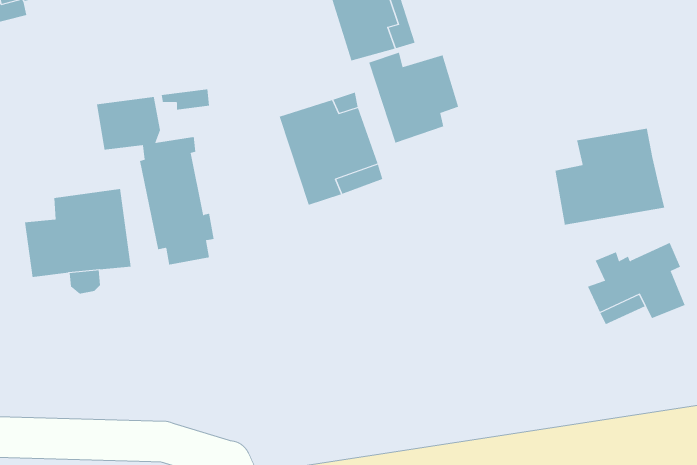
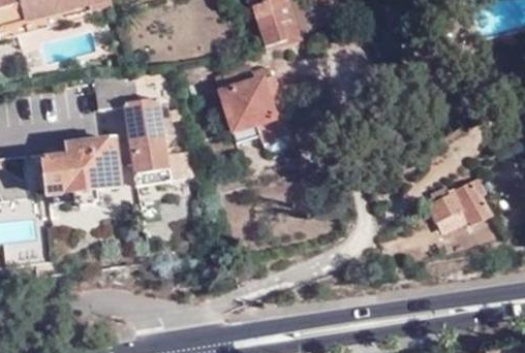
building: [368,52,459,143] -> none
building: [555,128,665,225] -> none

